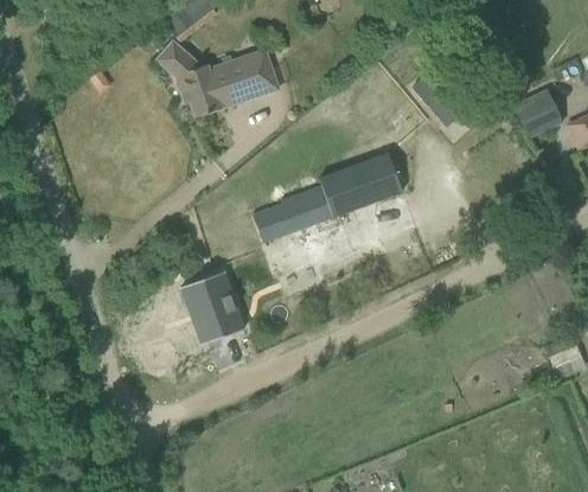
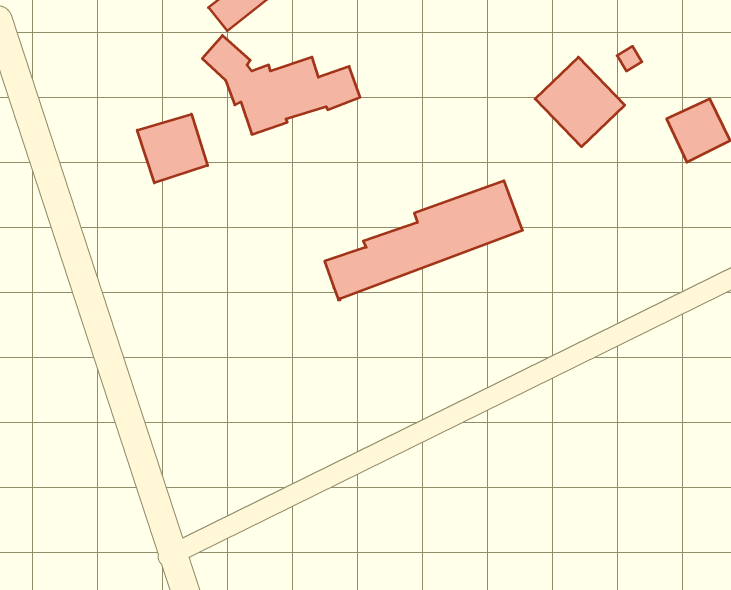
building: none -> [137,114,208,183]
building: [179,271,244,344] -> none

